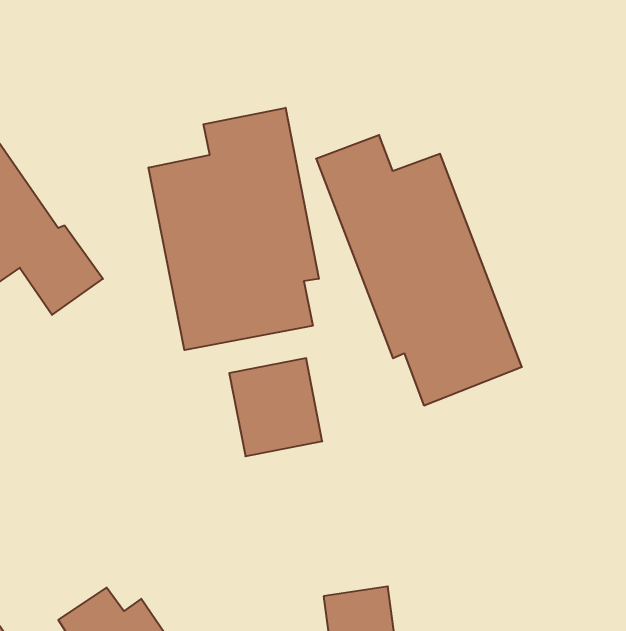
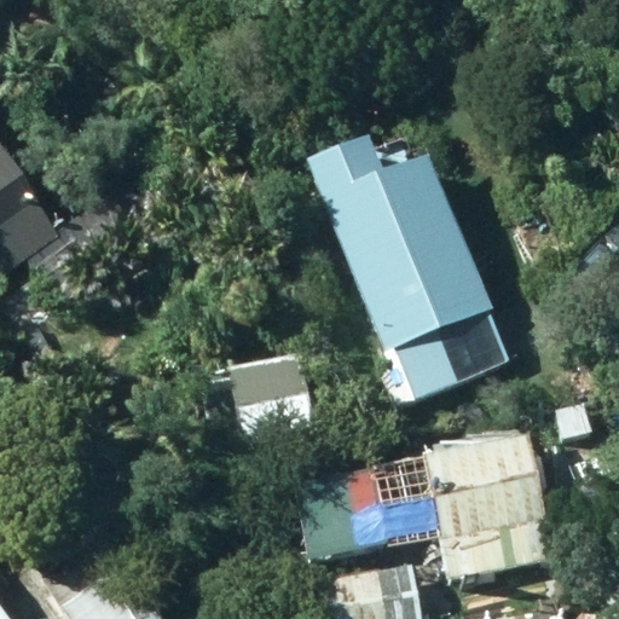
building: [149,108,319,350] -> none
building: none -> [422,433,553,579]

